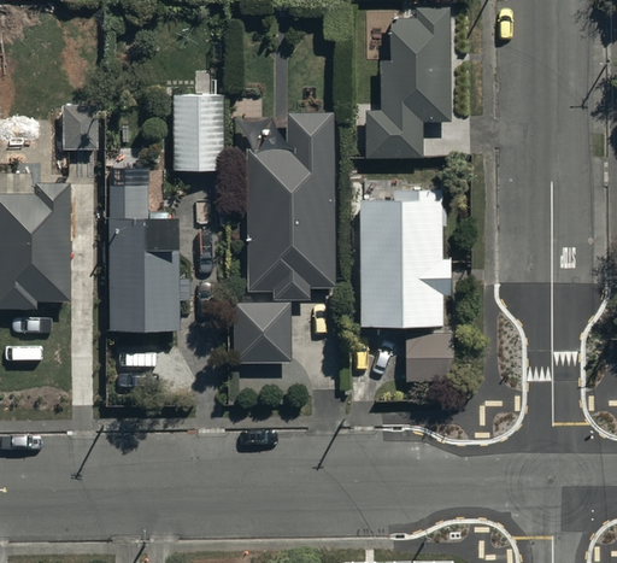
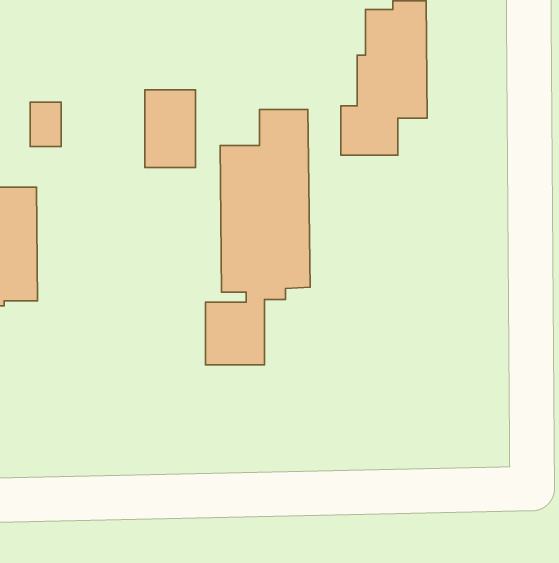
building: [106,182,180,329] -> none
building: [360,187,451,323] -> none
building: [405,335,454,382] -> none

